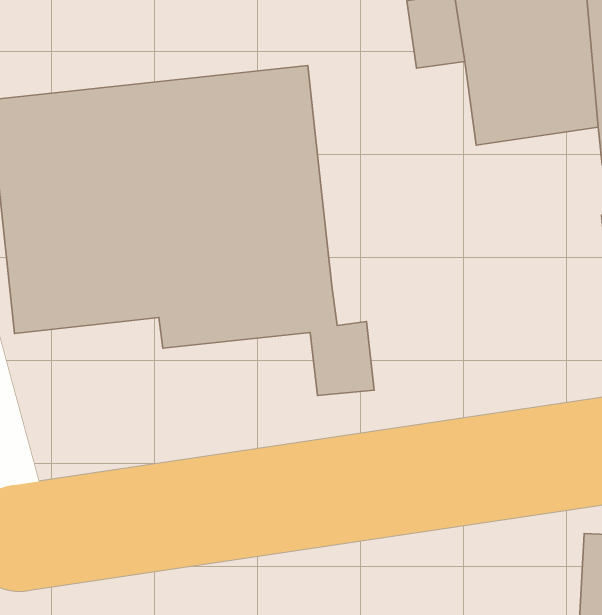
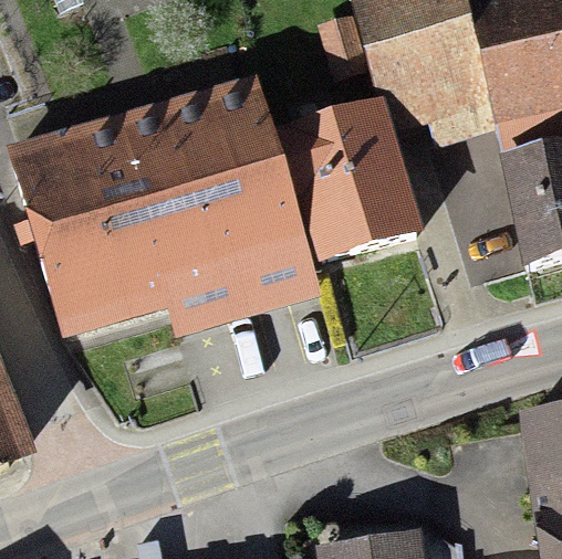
building: none -> [274,116,418,263]

